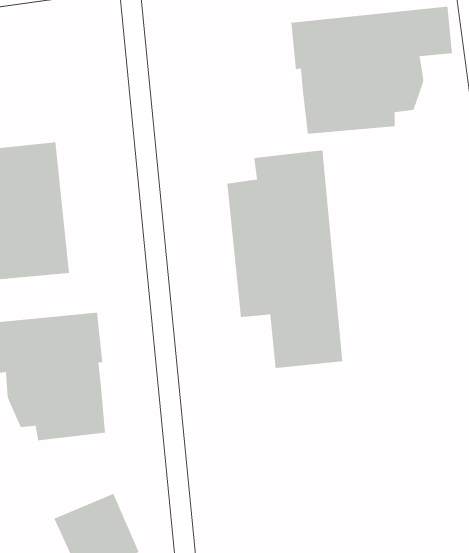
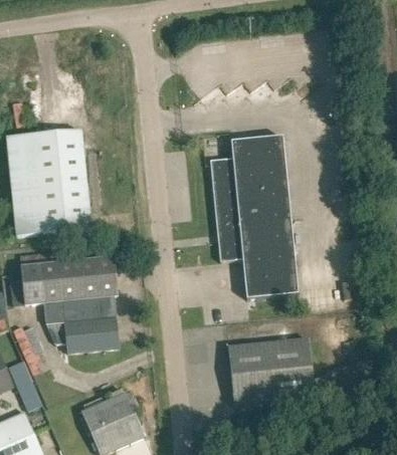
building: [291,6,453,135] -> none
building: none -> [228,336,314,405]

